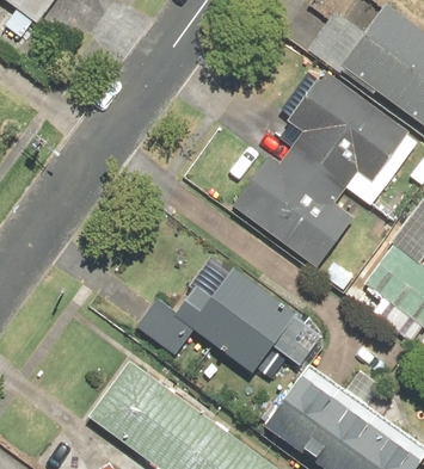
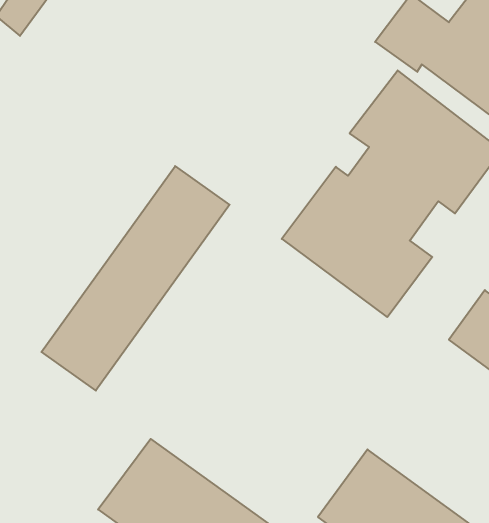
building: none -> [41,166,230,391]
building: [139,270,322,374] -> none

